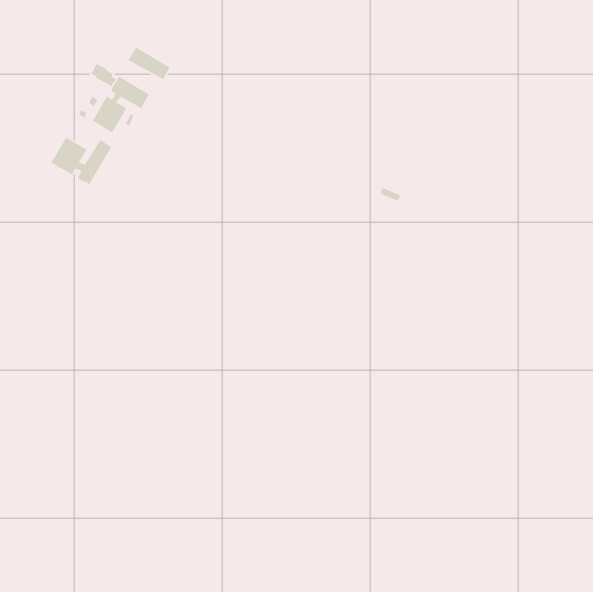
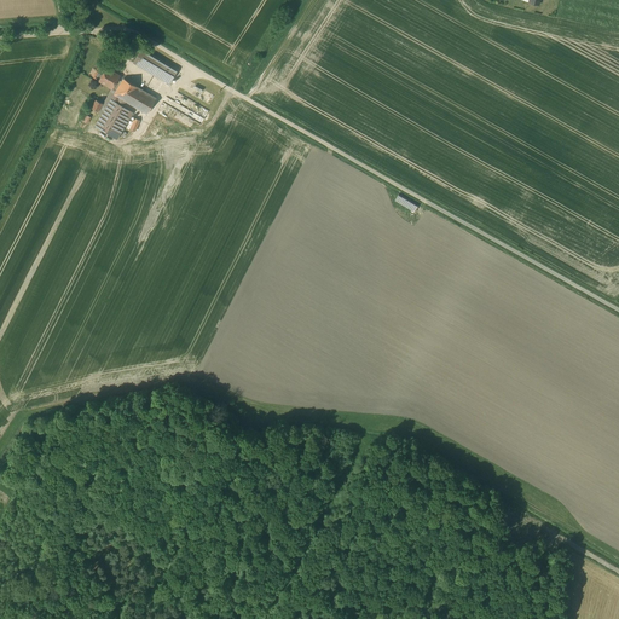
building: [51,137,112,186] -> none

